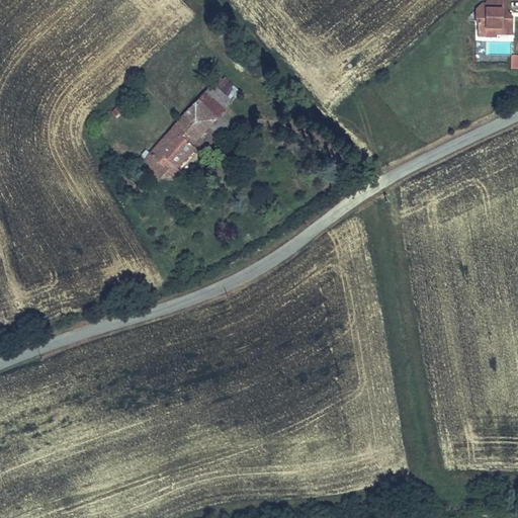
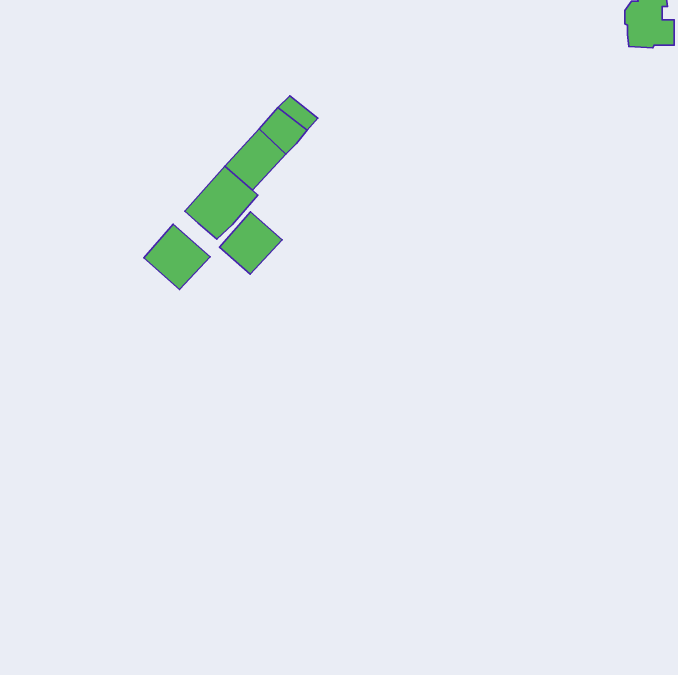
building: none -> [220,212,282,274]
building: none -> [144,224,210,289]

